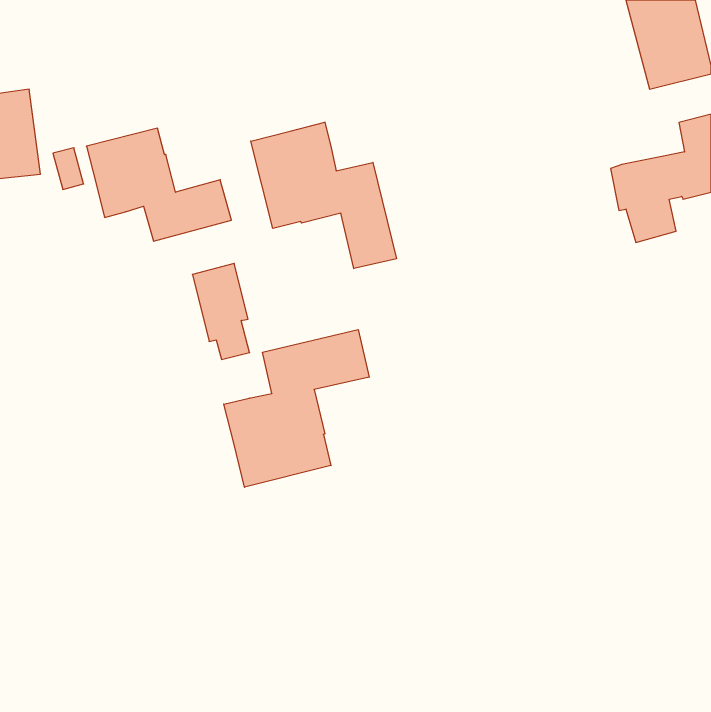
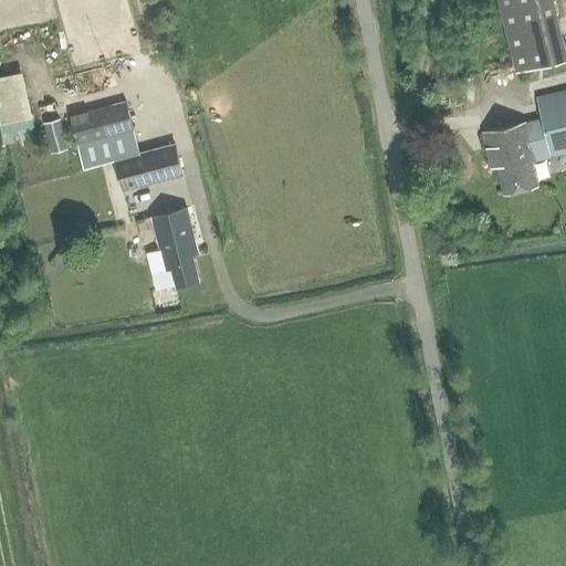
building: [251,122,396,269] -> none
building: [224,330,369,487] -> none

